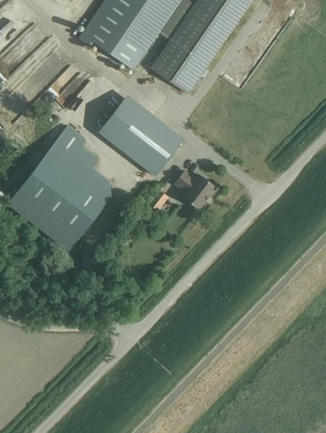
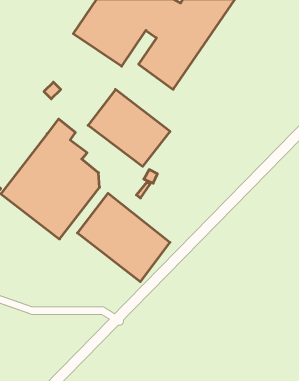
building: [175,172,216,209] -> none
building: none -> [77,193,170,282]

